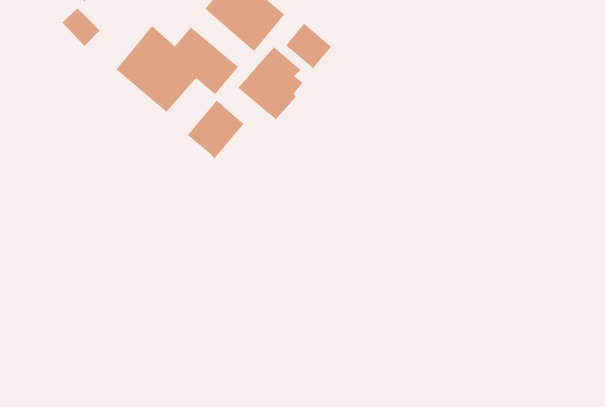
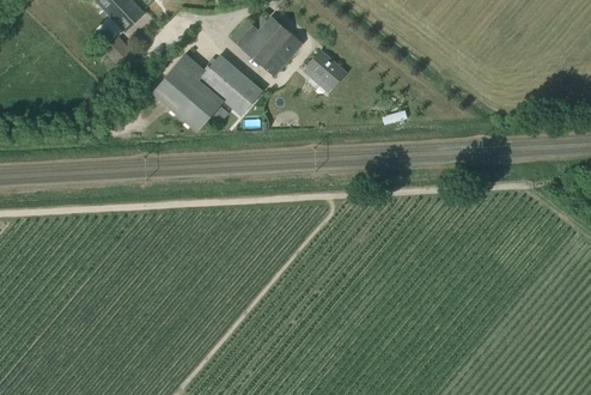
building: [237,46,304,120] -> none
building: [187,100,244,159] -> none

